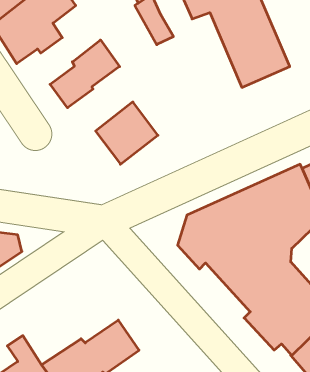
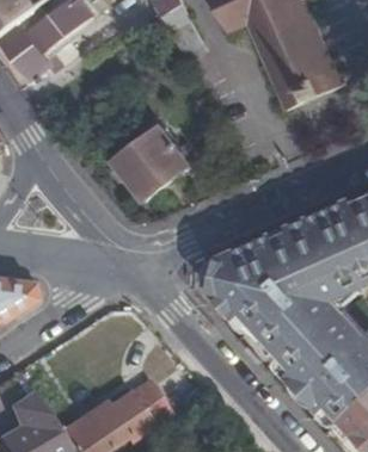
building: [50,40,120,108] -> none

